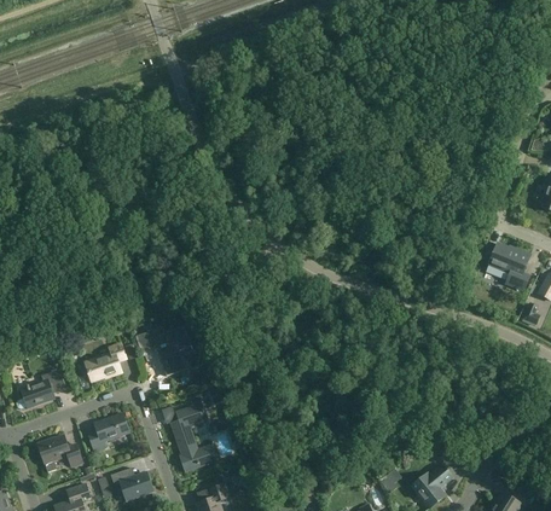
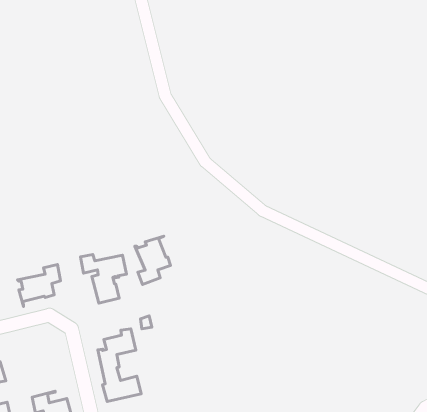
building: none -> [135,236,170,284]
building: [89,412,130,451] -> none

